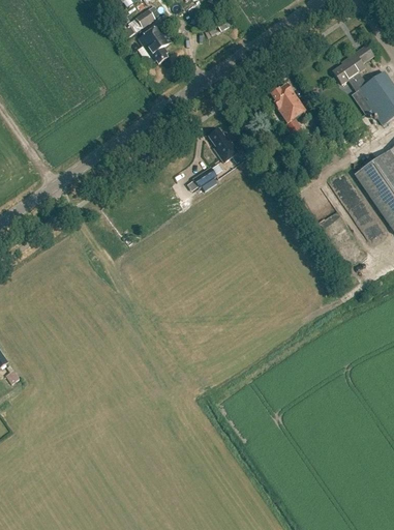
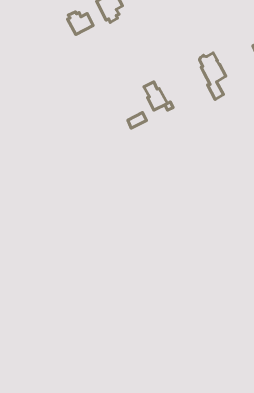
building: none -> [68,12,93,35]

